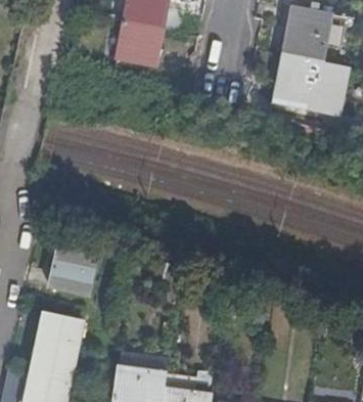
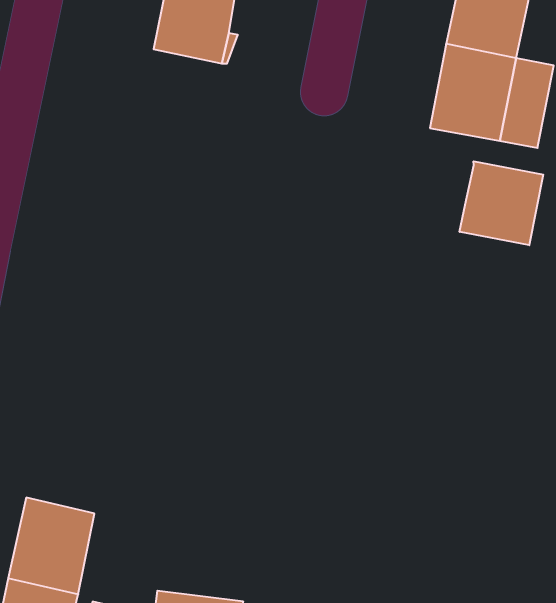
building: none -> [460,161,543,245]
building: [48,237,97,295] -> none

